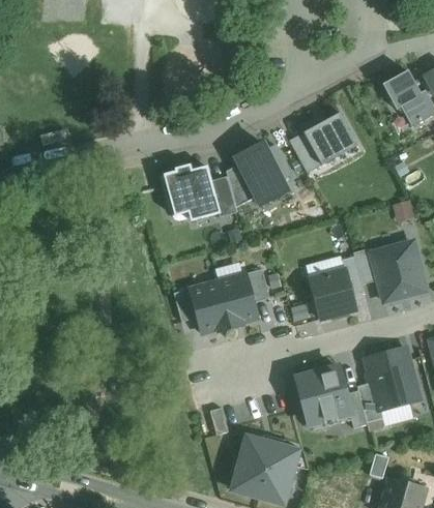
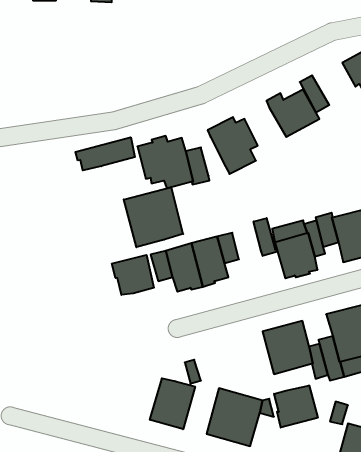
building: [289,131,321,172] -> [300,75,329,112]
building: [226,163,255,206] -> none
building: none -> [75,137,135,170]
building: none -> [124,187,183,247]
building: none -> [254,218,277,256]
building: none -> [112,255,154,295]
building: none -> [150,378,195,429]
building: none -> [274,385,318,428]

